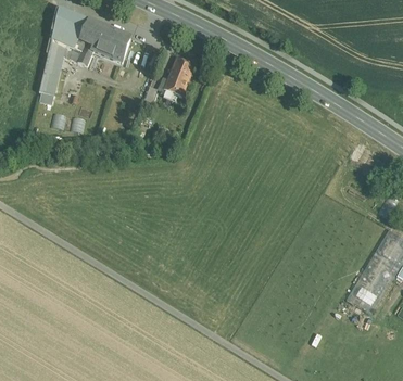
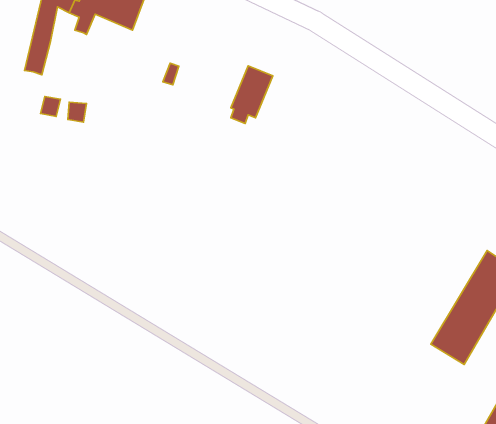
building: [163,56,194,100] -> [231,66,273,124]

